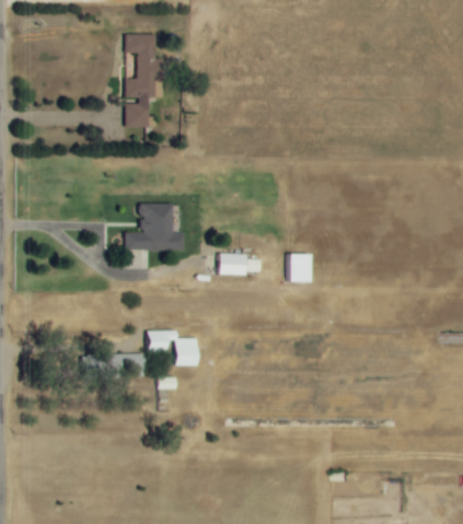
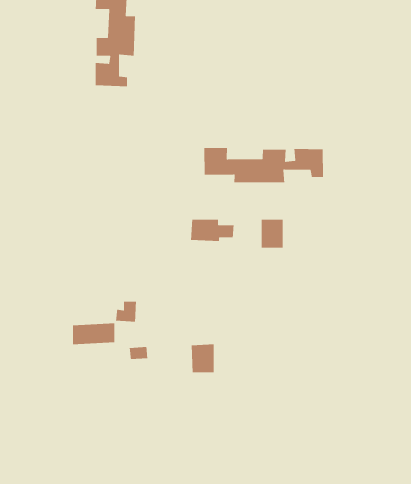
building: none -> [204,147,324,183]
building: [124,203,184,249] -> none
building: [174,337,197,365] -> [191,344,215,373]

